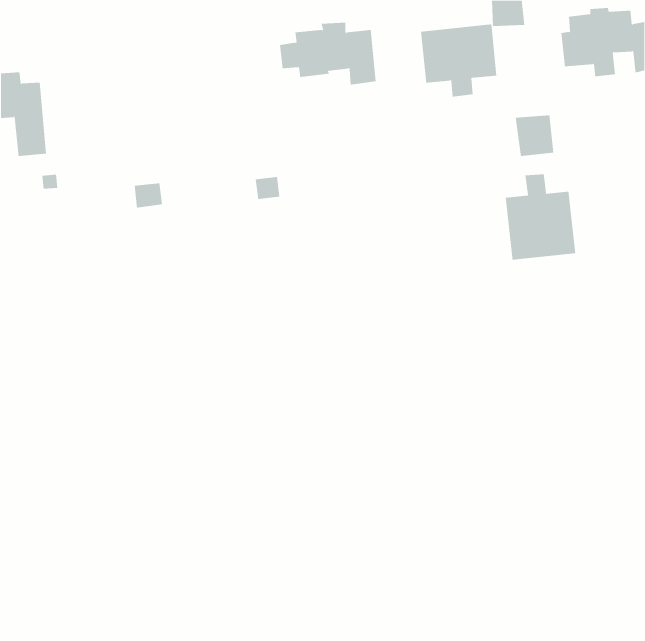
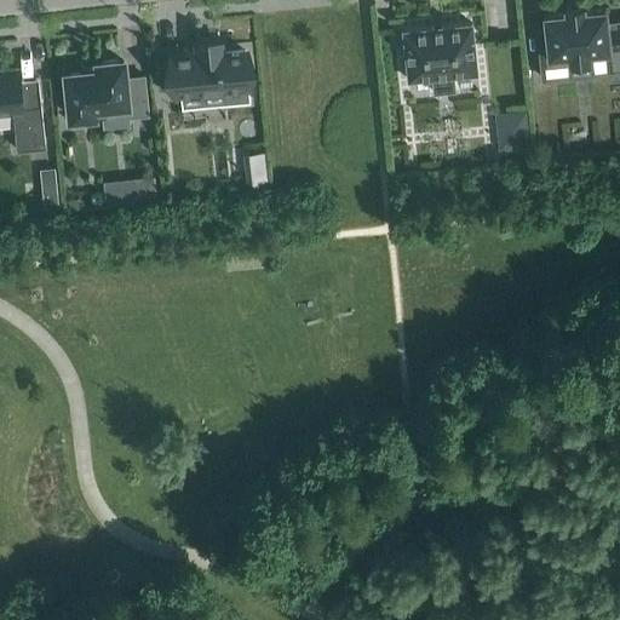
building: [279,22,376,85] -> [156,47,249,108]
building: none -> [65,62,148,121]
building: [505,173,576,260] -> none

